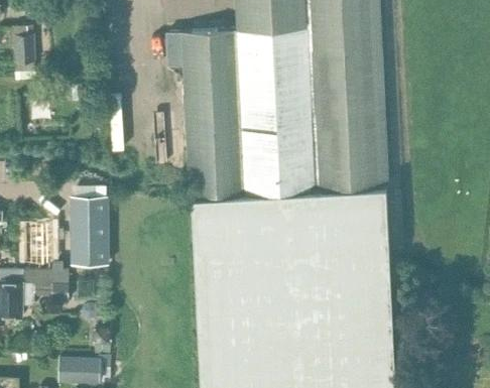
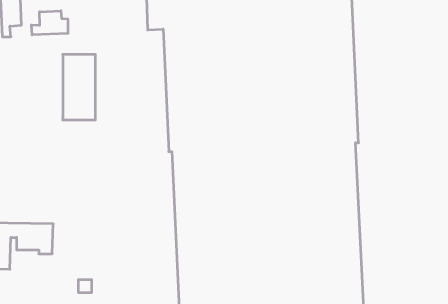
building: none -> [31,11,68,35]
building: [72,197,106,265] -> [63,54,95,120]

